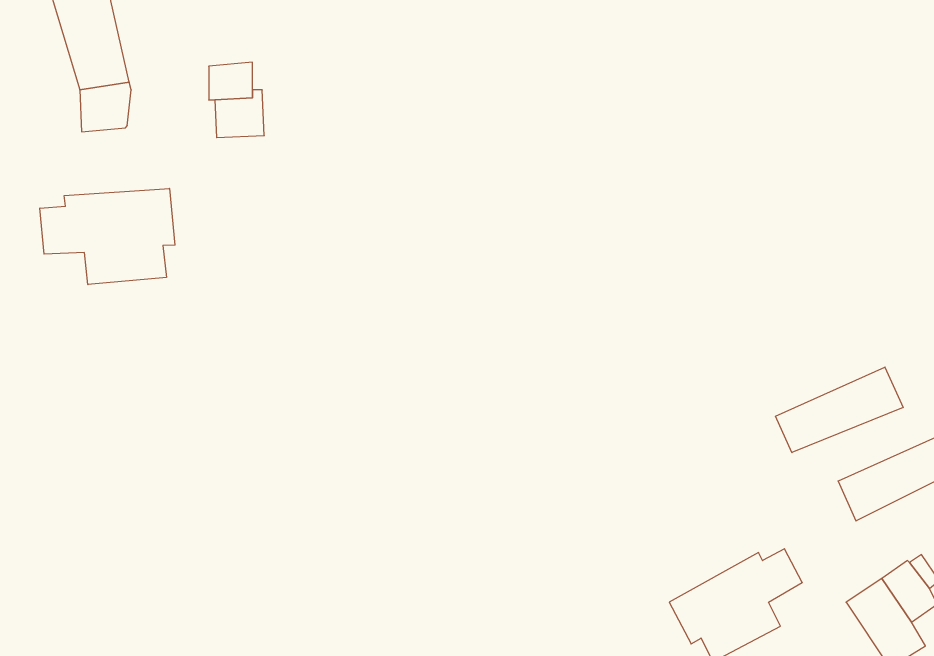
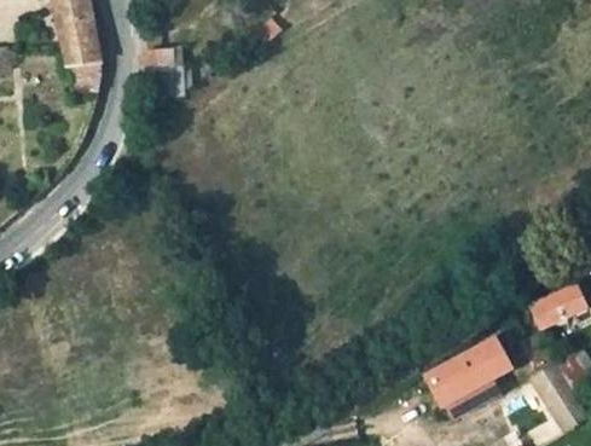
building: [40,188,175,285] -> none
building: [775,367,903,453] -> none

